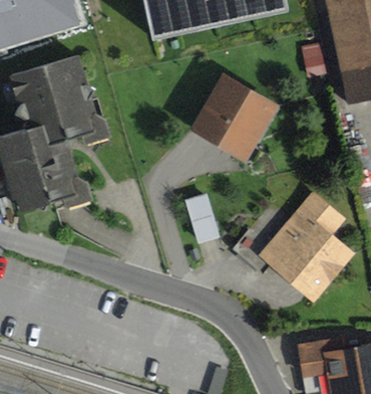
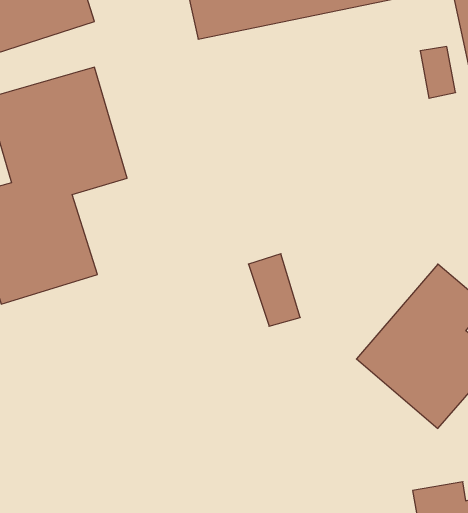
building: [189,72,281,165] -> none

